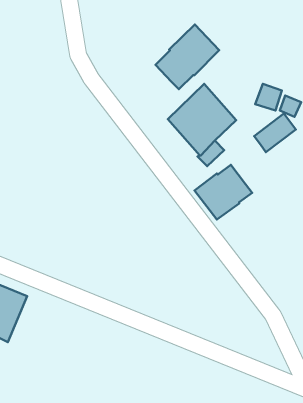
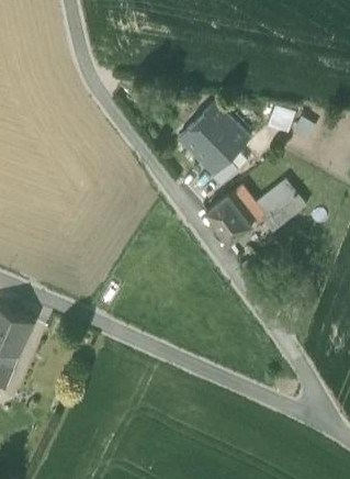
building: [155,24,219,89] -> none
building: [254,114,296,152] -> [259,182,302,222]

